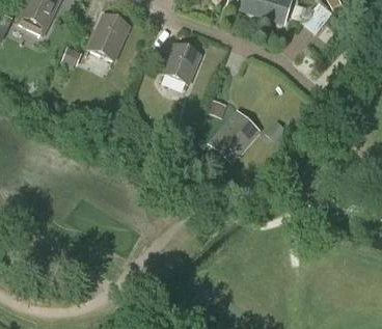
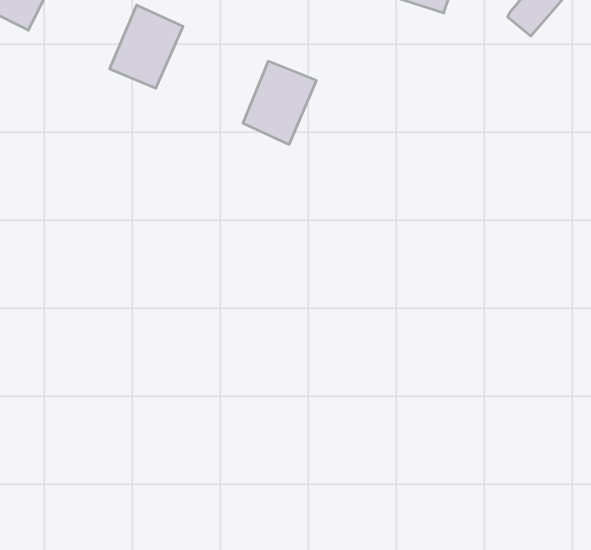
building: [213,112,257,158] -> none

